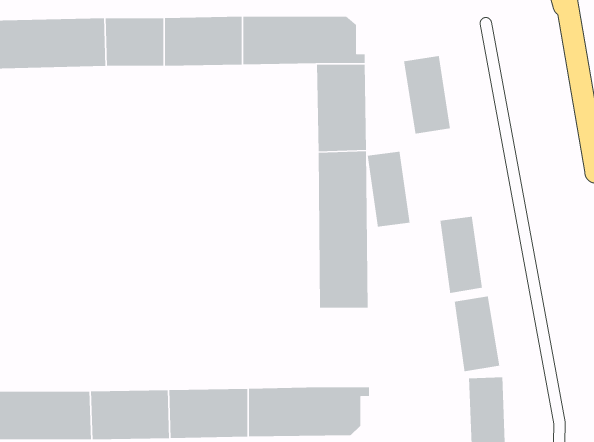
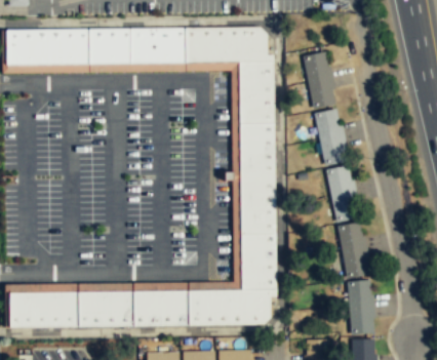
building: [367,151,410,227] -> [315,112,346,166]
building: none -> [241,234,277,289]

